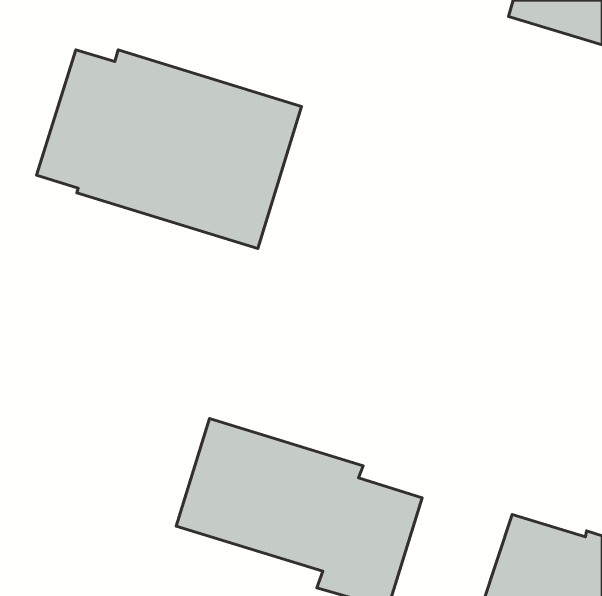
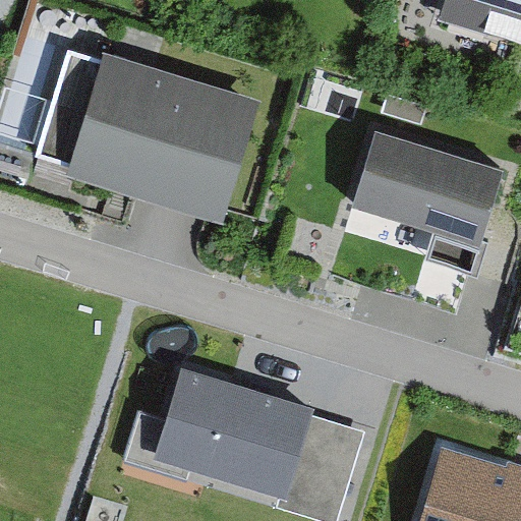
building: none -> [342,131,502,279]

